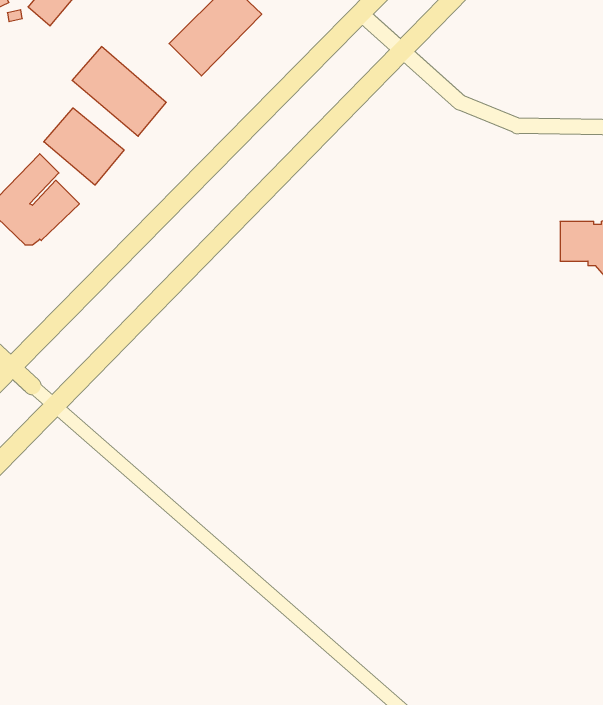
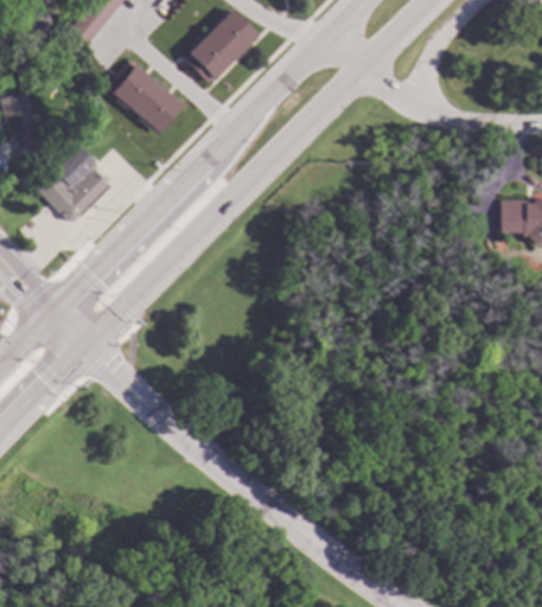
building: [44,108,124,185] -> none

